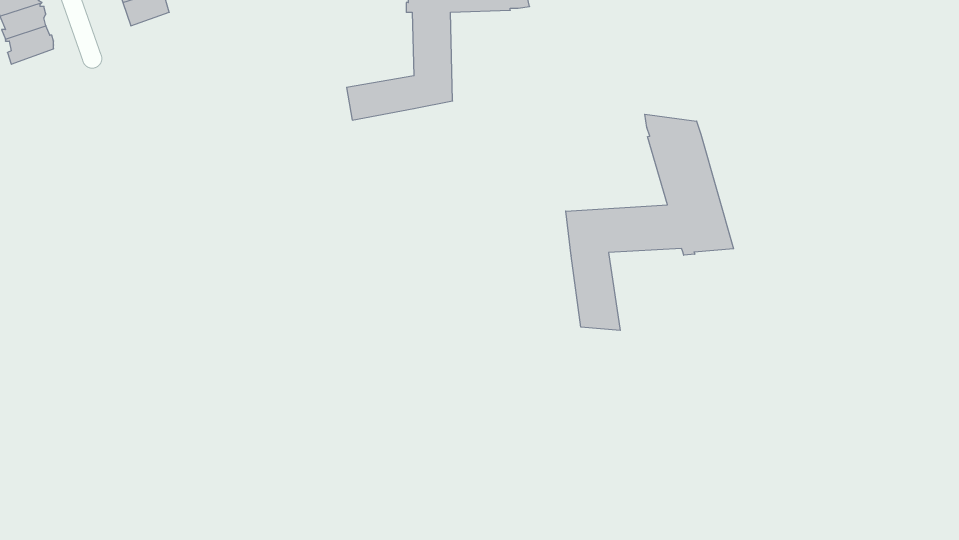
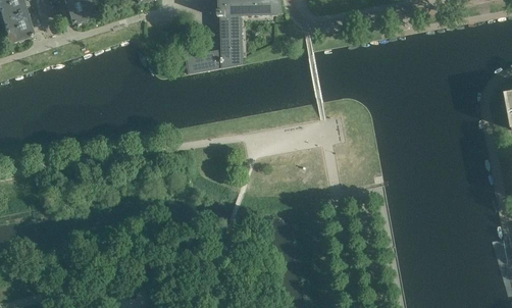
building: [566,114,734,330] -> none

